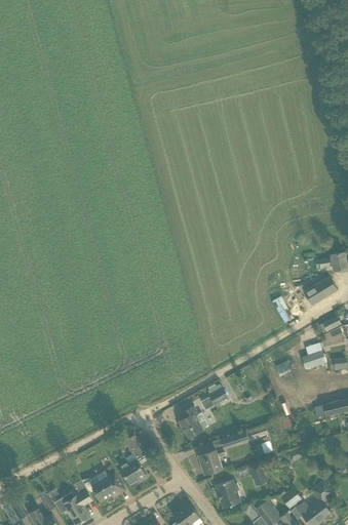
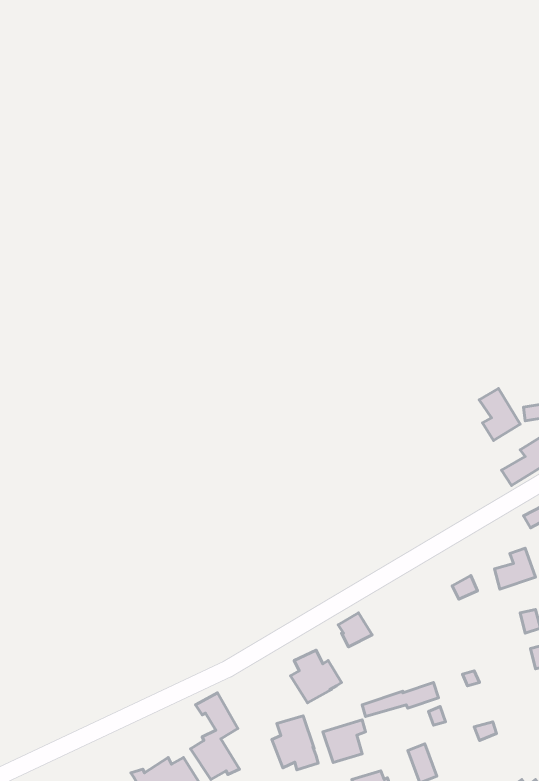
building: none -> [479,388,520,441]
building: none -> [272,716,318,770]

